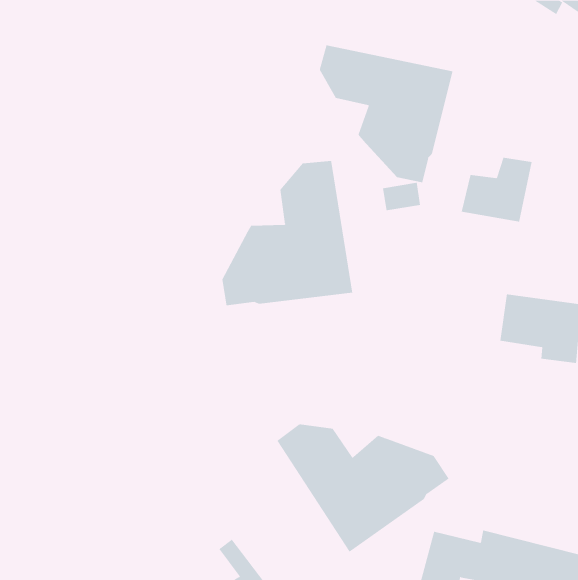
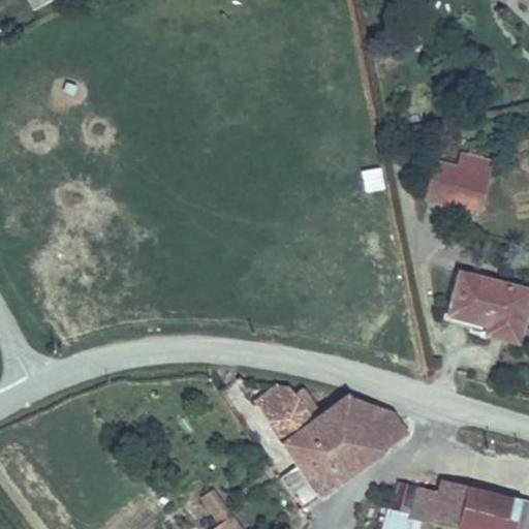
building: [319,44,453,183] -> none
building: [222,160,353,306] -> none

